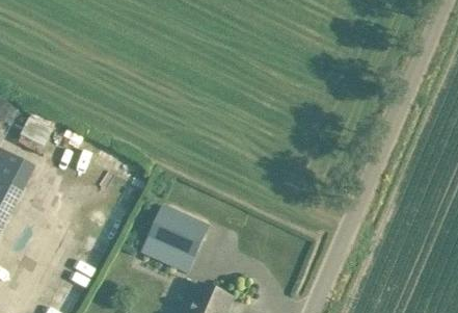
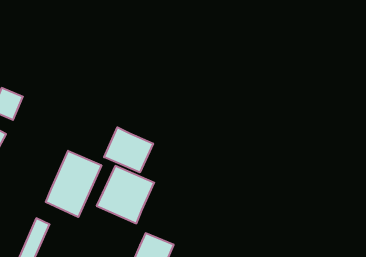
building: none -> [104,127,153,172]
building: none -> [46,151,101,217]

